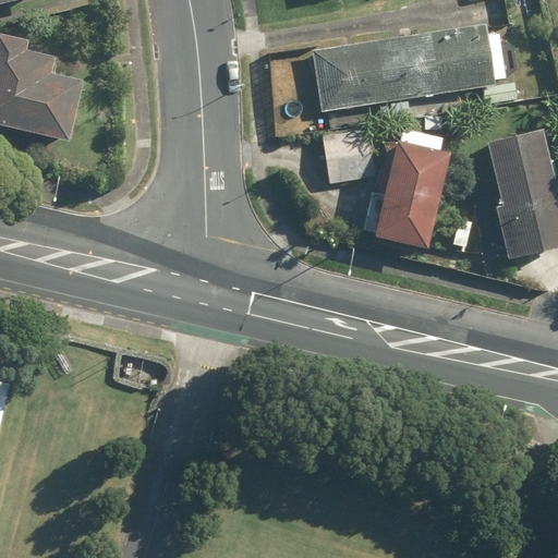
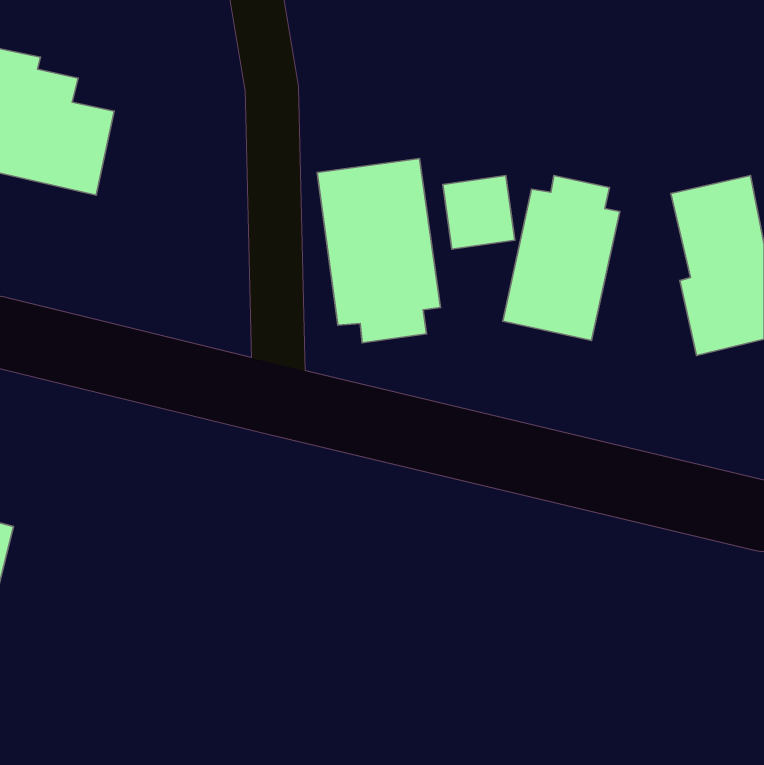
building: [312,24,518,119] -> none
building: none -> [317,158,441,343]

